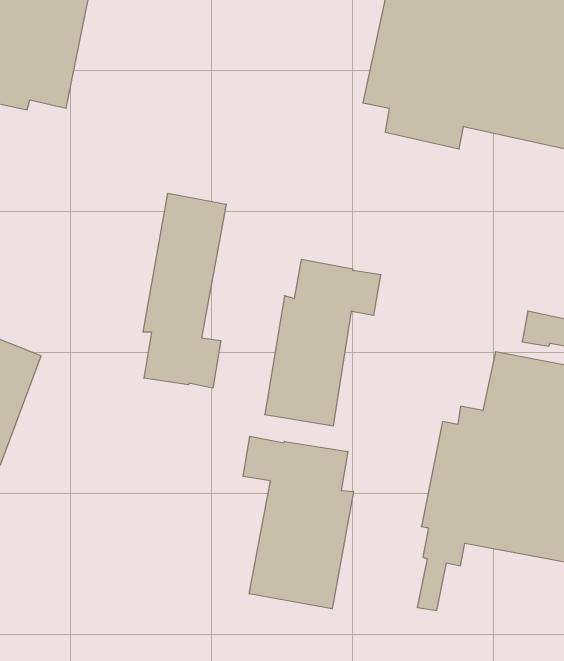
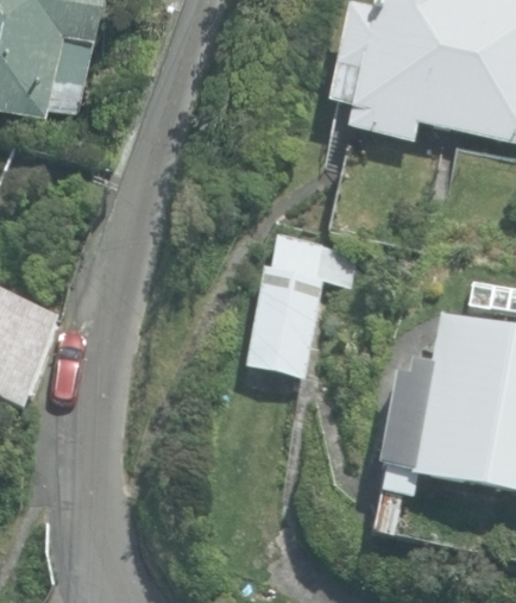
building: [143,193,226,388] -> none
building: [243,436,354,609] -> none

